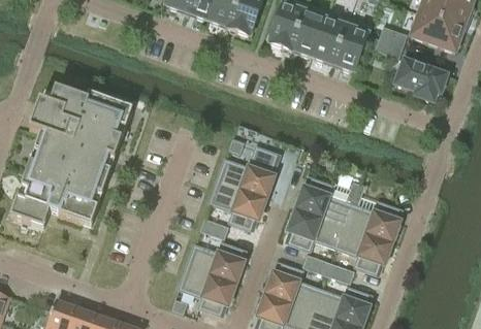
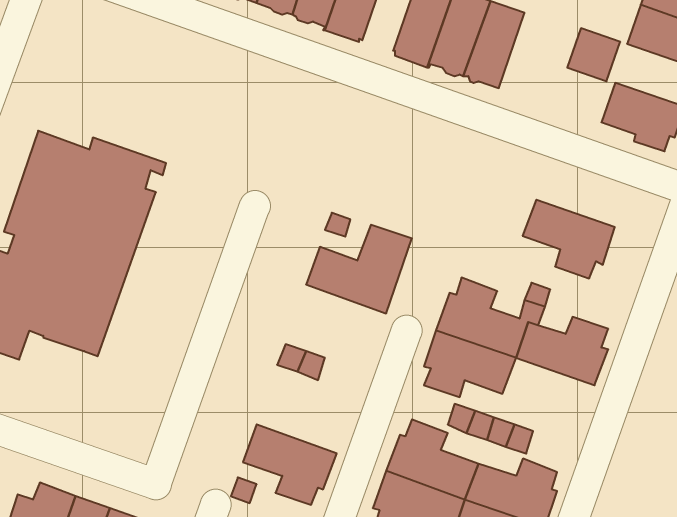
building: [333,19,371,71] -> none
building: [210,183,265,230] -> none
building: [335,227,391,274] -> [523,200,615,278]
building: [187,243,243,285] -> none

